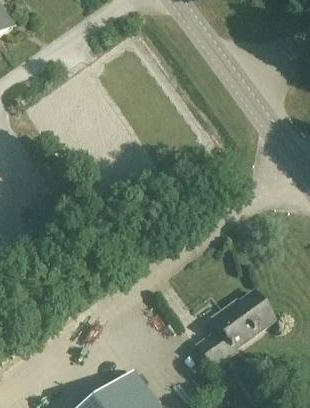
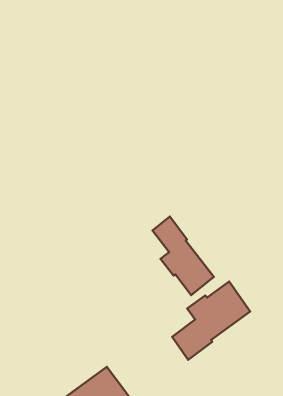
building: none -> [153,217,214,295]

